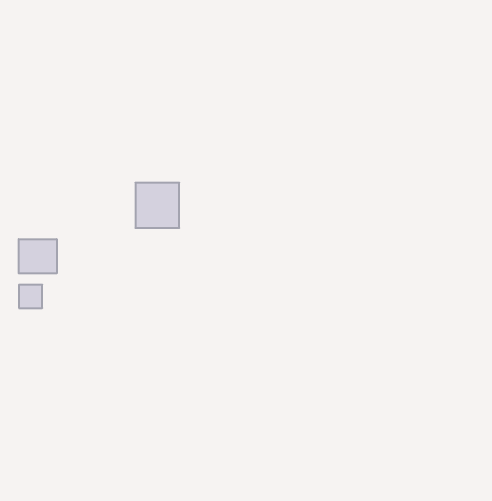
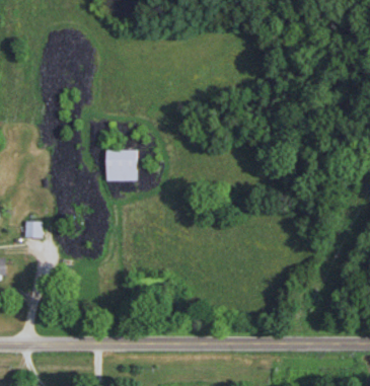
building: [19,239,57,273] -> none

